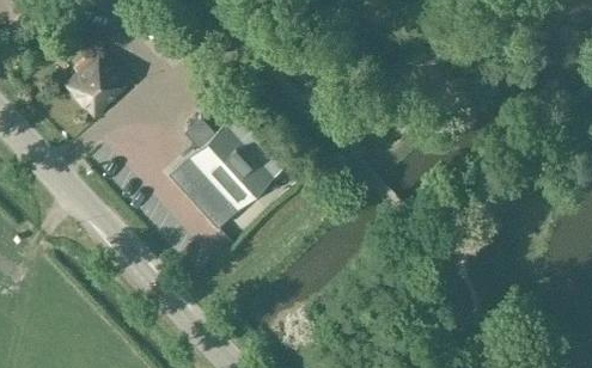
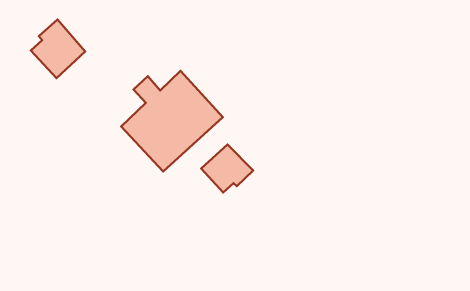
building: none -> [201,145,253,193]

